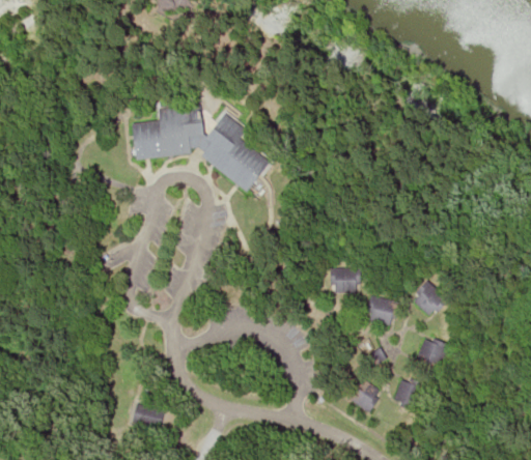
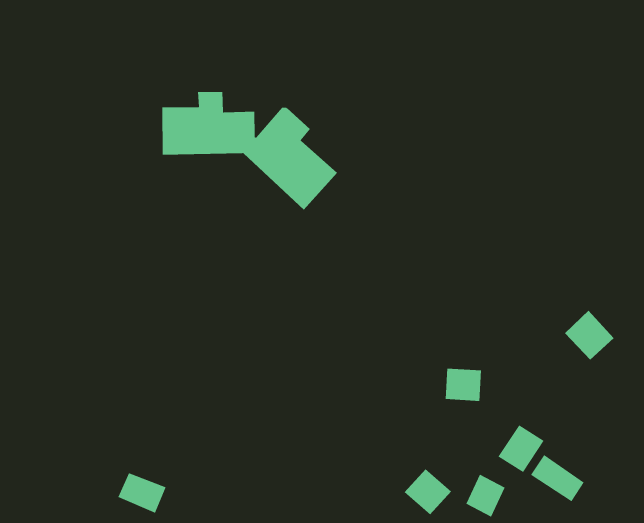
building: [331,268,360,291] -> none
building: [411,280,449,318] -> [564,310,614,360]
building: none -> [530,454,584,502]

